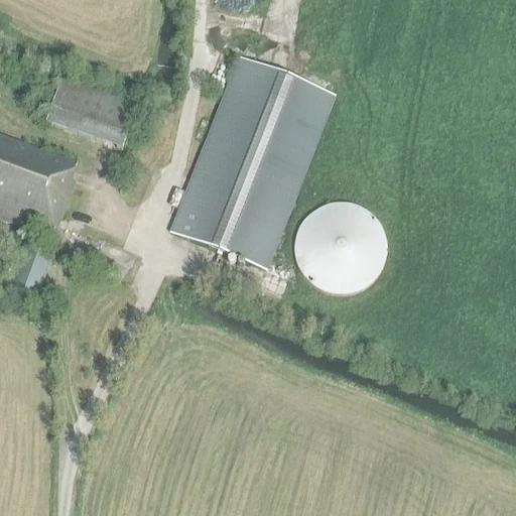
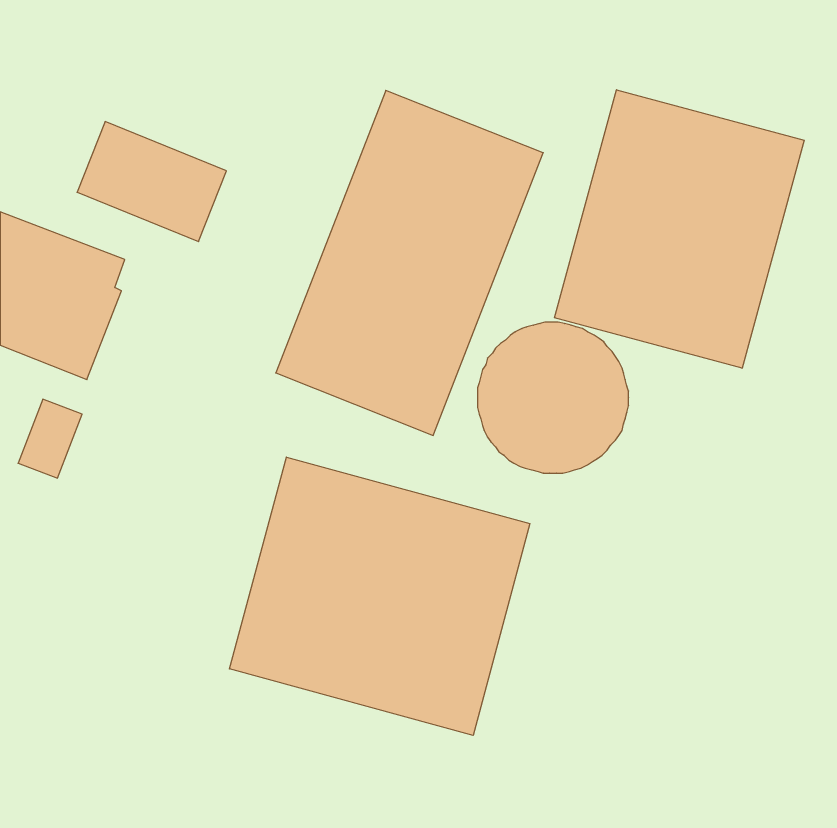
building: none -> [554,90,804,368]
building: none -> [229,457,530,735]

